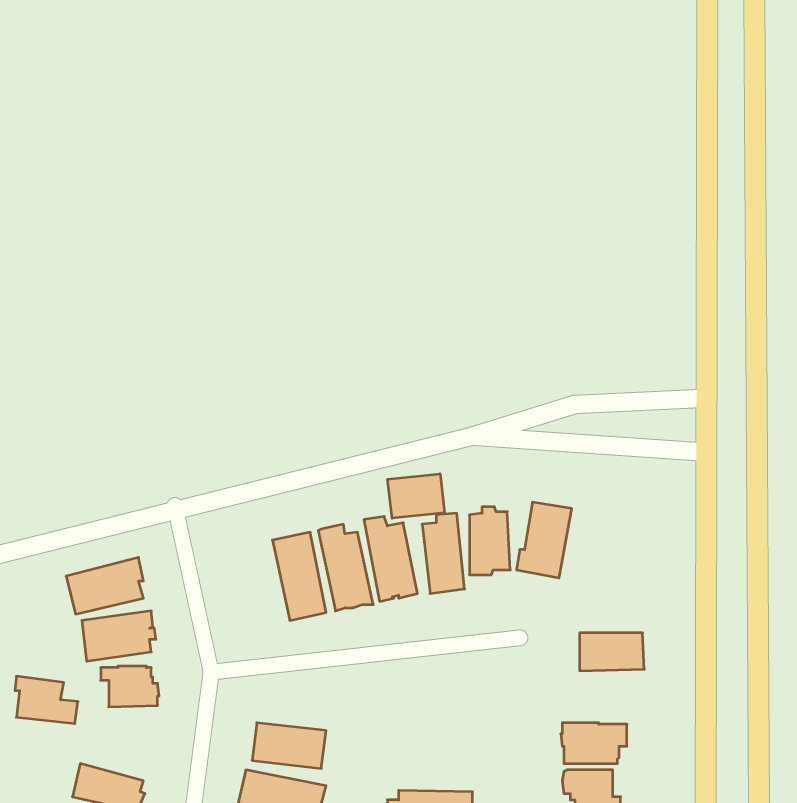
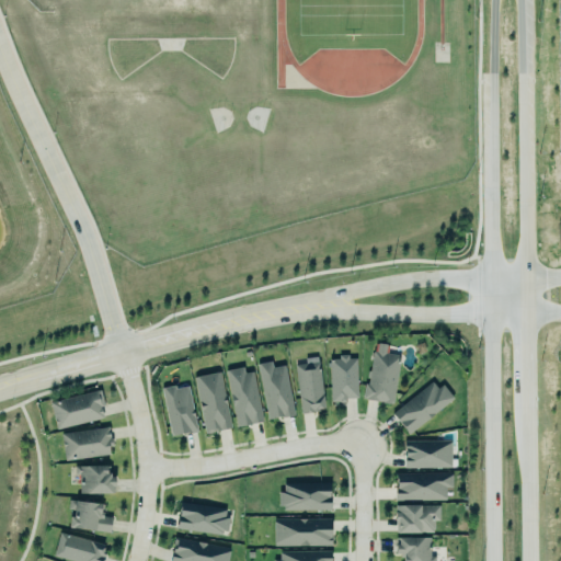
building: [388,474,444,518] -> none
building: none -> [394,381,457,434]
building: none -> [163,386,199,436]
building: [15,676,78,724] -> [72,501,116,534]
building: none -> [400,473,457,502]
building: none -> [284,483,335,512]
building: none -> [276,517,333,546]

